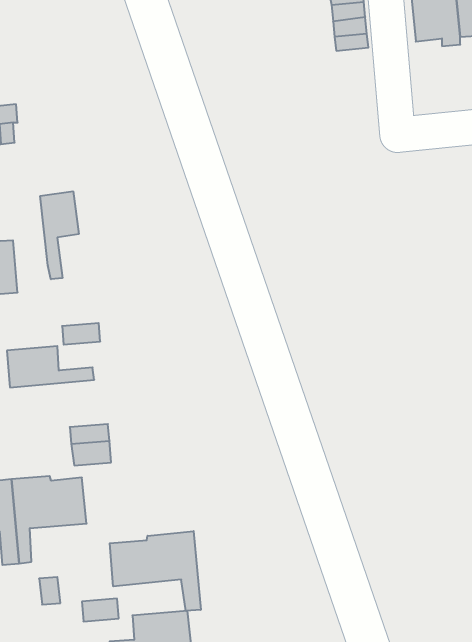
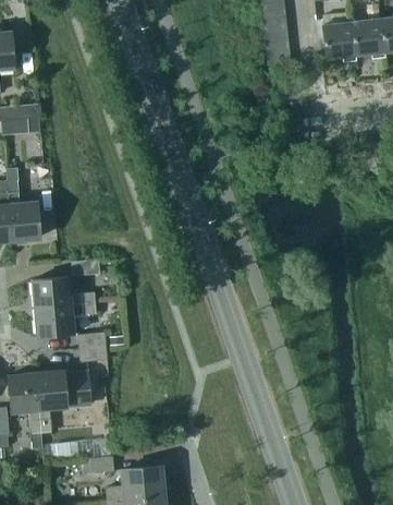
building: [40,191,79,279] -> none
building: none -> [36,301,97,337]
building: [110,531,201,611] -> none

